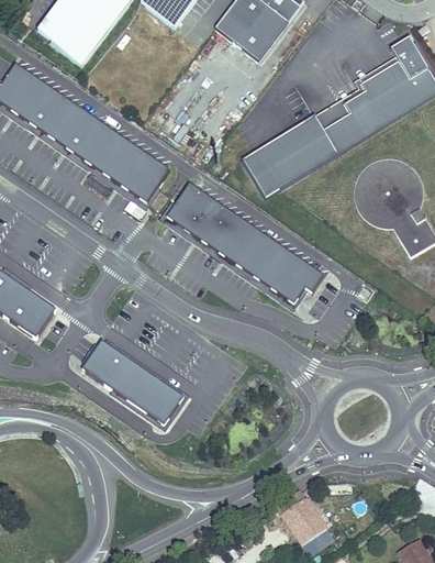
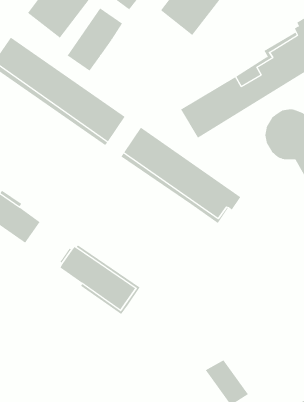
building: none -> [67,7,123,72]

